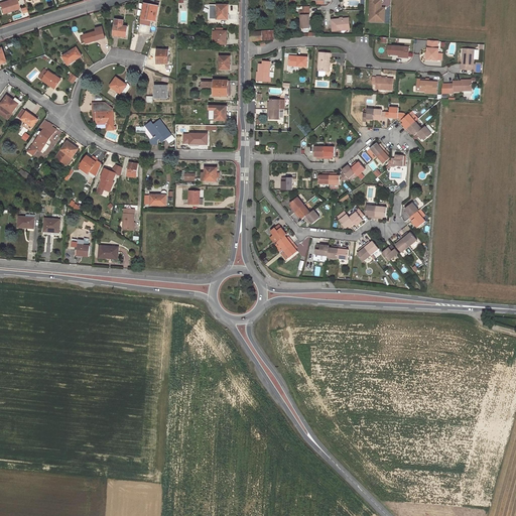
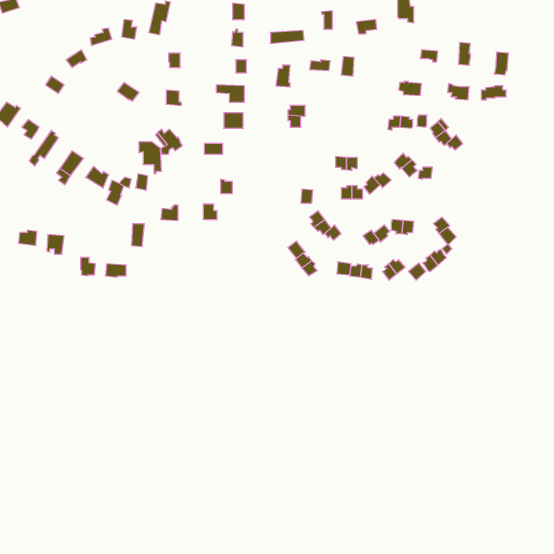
building: [92,102,113,131] -> [139,142,162,173]

